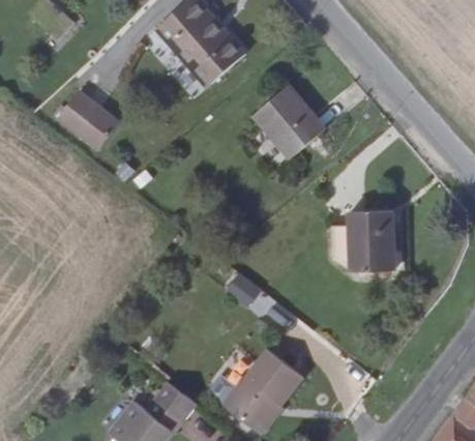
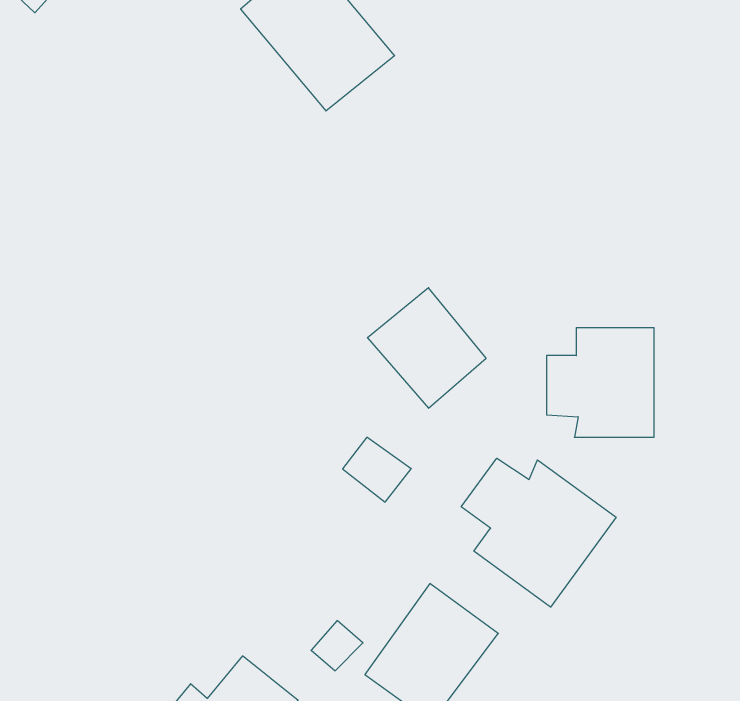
building: [254,86,320,153] -> [367,288,486,408]
building: [61,92,121,149] -> none
building: none -> [461,458,616,607]

